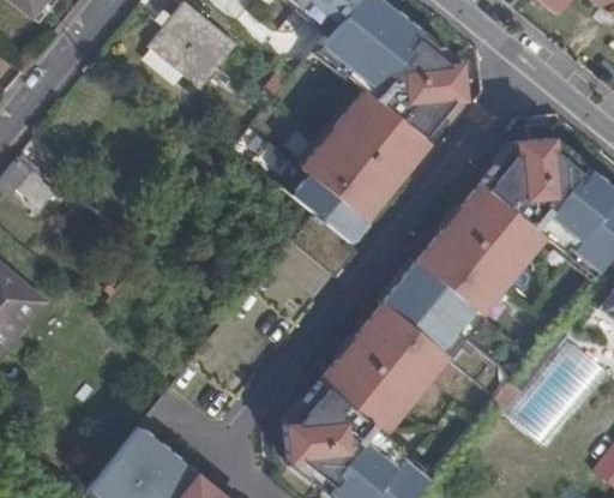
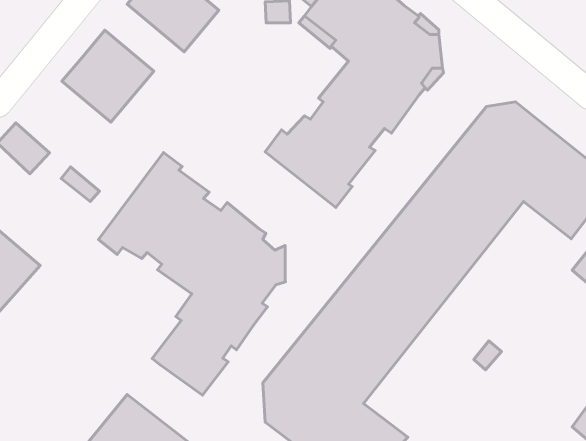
building: none -> [62,30,154,122]
building: none -> [98,153,285,395]

